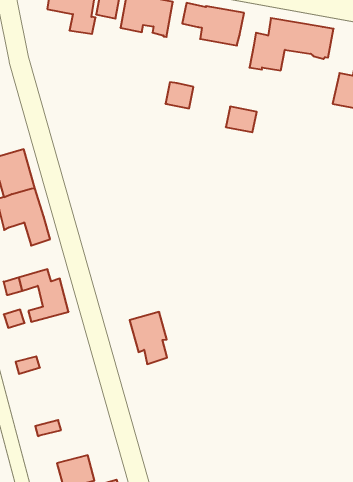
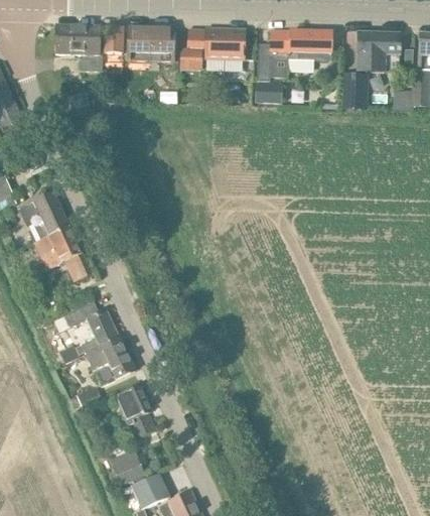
building: [165,82,193,108] -> [178,47,202,70]
building: [226,107,257,132] -> [255,82,282,103]
building: none -> [85,339,134,384]
building: [130,312,167,364] -> [114,385,155,436]
building: none -> [114,456,146,484]

